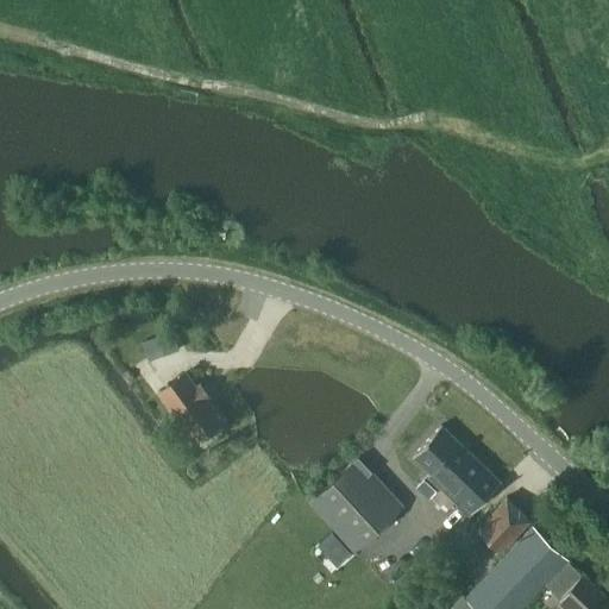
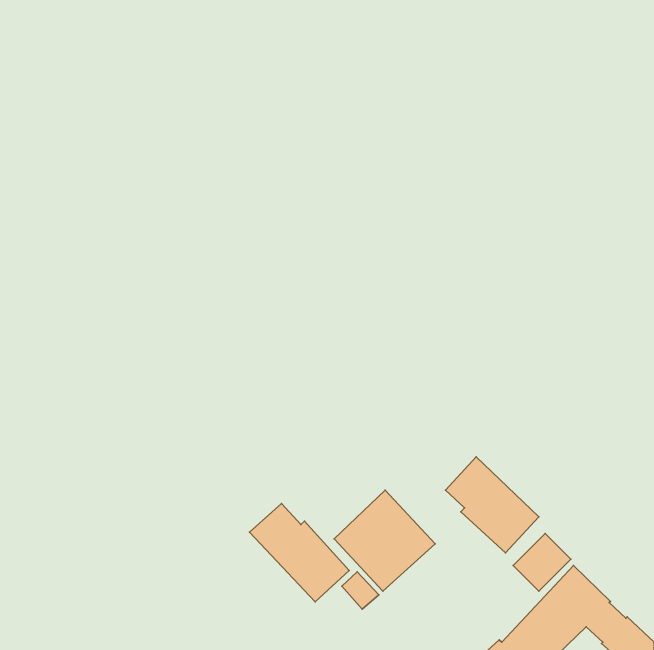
building: [162,377,221,442] -> none
building: none -> [250,503,349,602]

